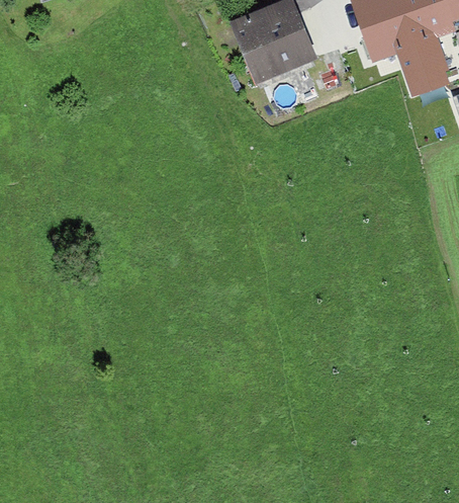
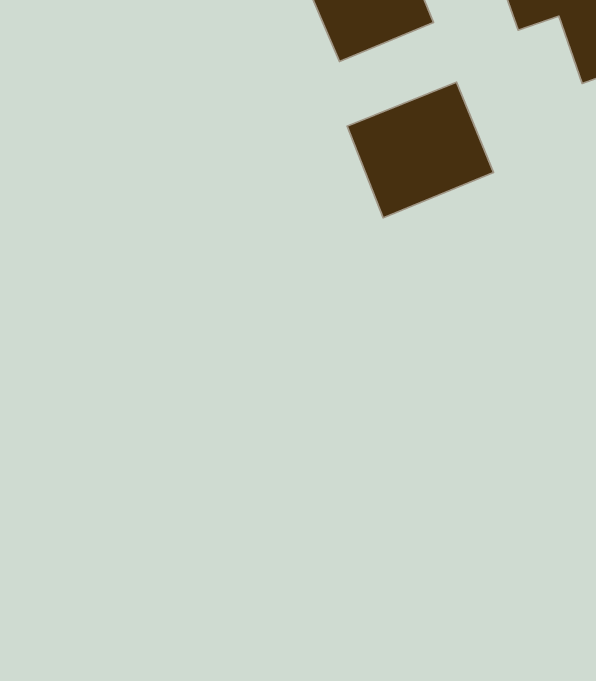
building: none -> [347,82,494,218]

